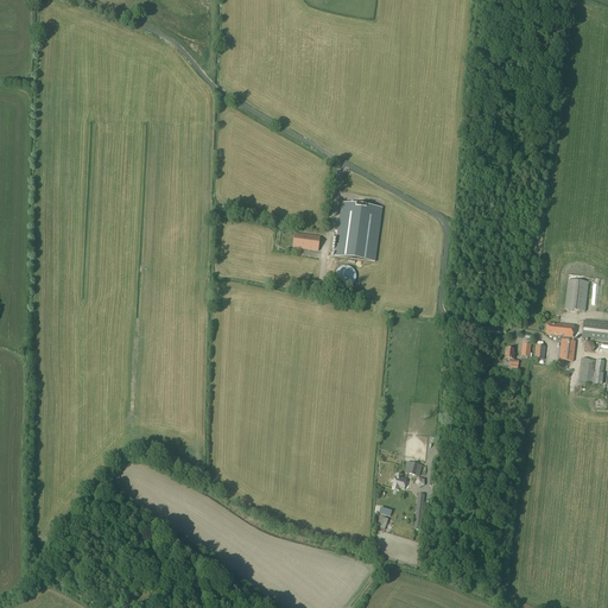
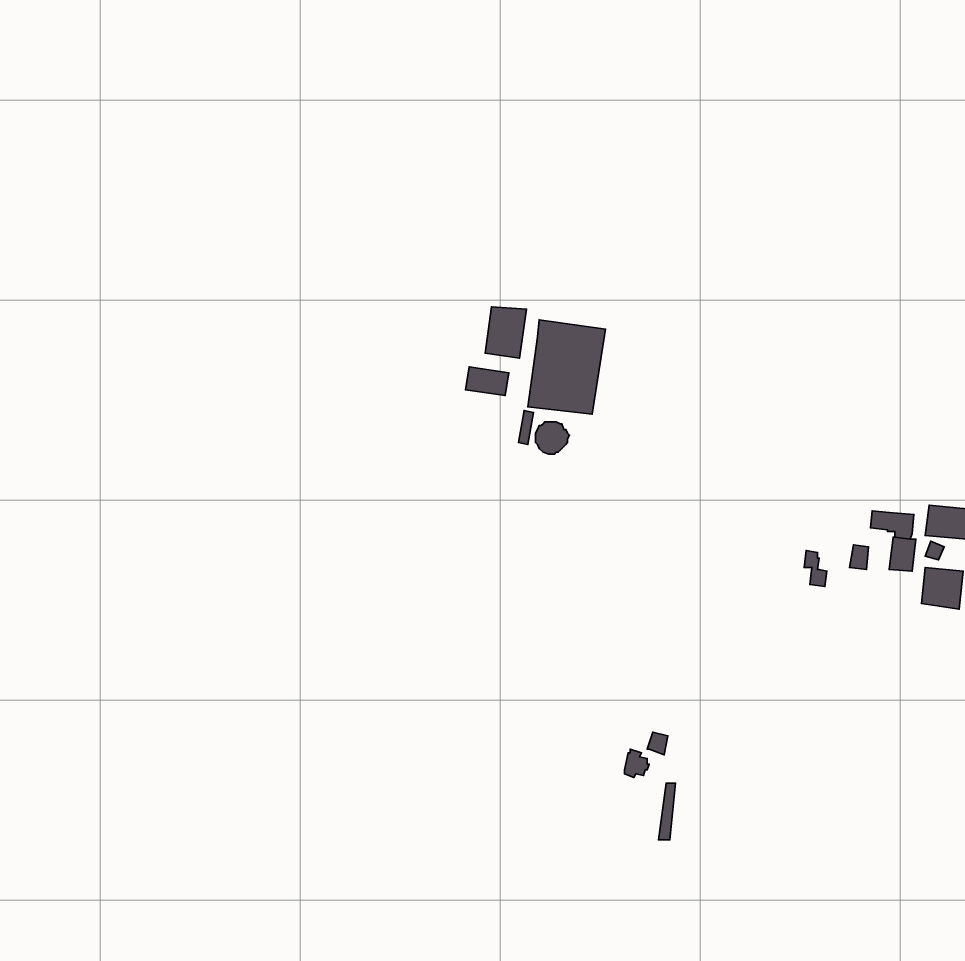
building: none -> [485,307,526,358]
building: [565,277,589,309] -> none

